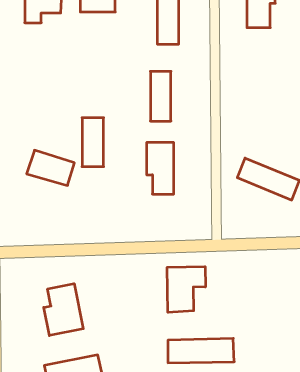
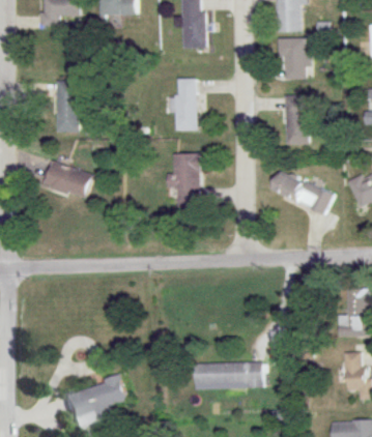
building: none -> [279,38,308,80]
building: none -> [284,95,310,144]
building: [82,118,104,167] -> [56,82,79,134]
building: [167,267,205,312] -> none
building: [44,284,83,336] -> none

